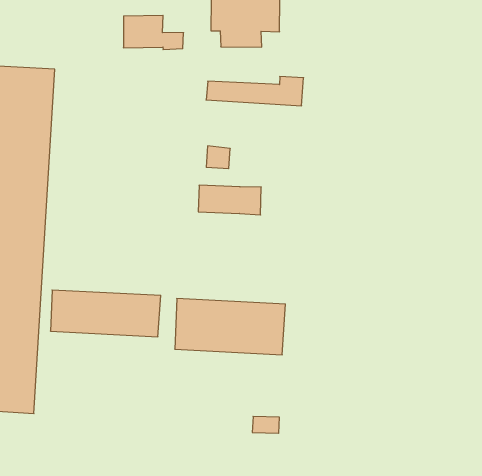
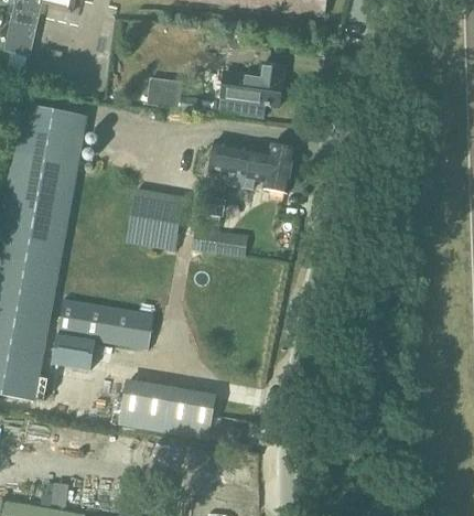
building: none -> [208,155,290,192]
building: none -> [126,190,181,247]
building: [175,299,285,355] -> [119,381,216,439]
building: none -> [51,333,95,369]

